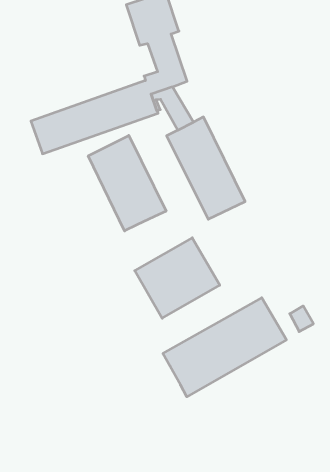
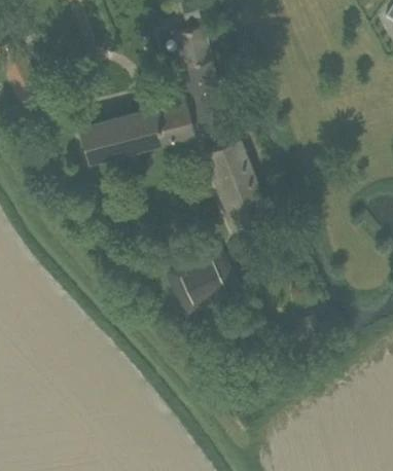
building: [88,135,166,231] -> none
building: [163,298,286,397] -> none

